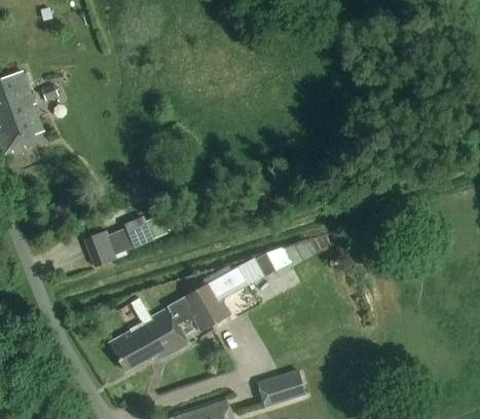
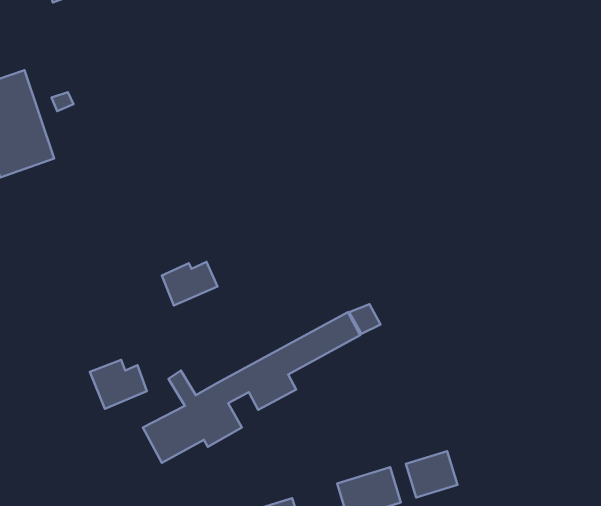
building: [84,230,127,267] -> [90,360,147,409]
building: none -> [406,451,457,498]

